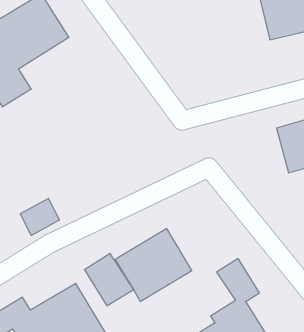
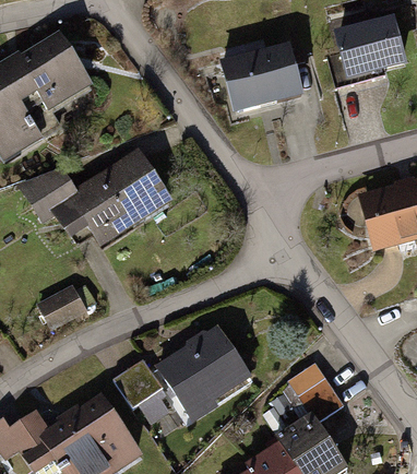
building: none -> [221,43,308,117]
building: none -> [15,147,170,260]

